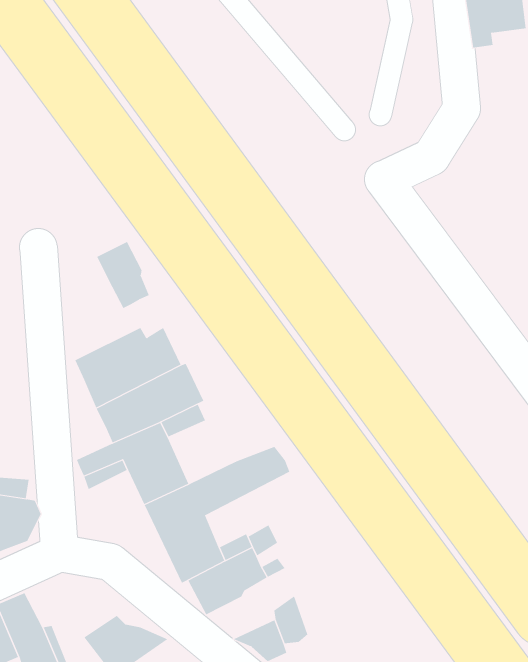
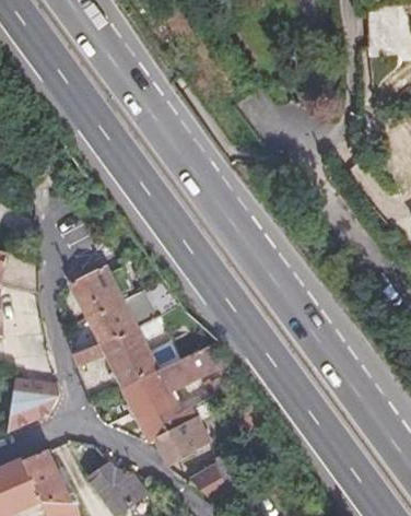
building: [96,241,149,309] -> none

